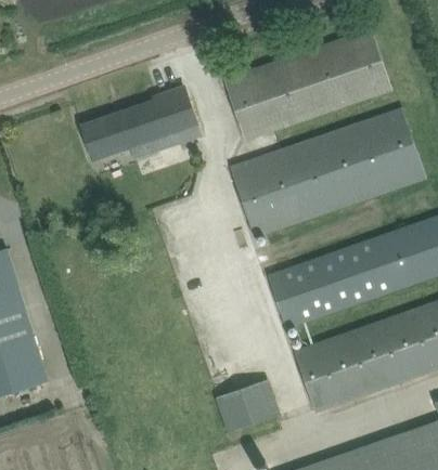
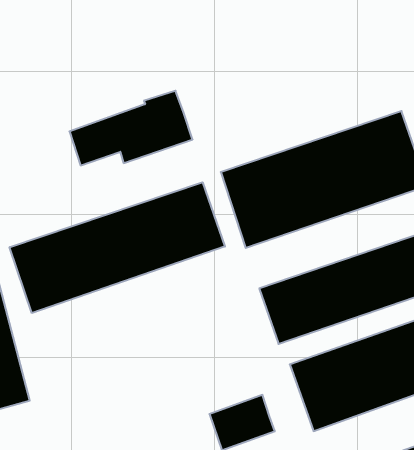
building: [223,28,392,141] -> none
building: none -> [10,182,225,313]

